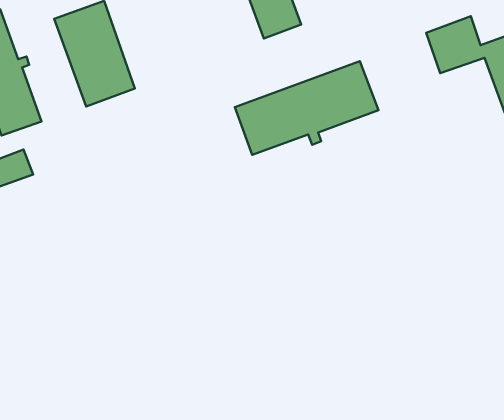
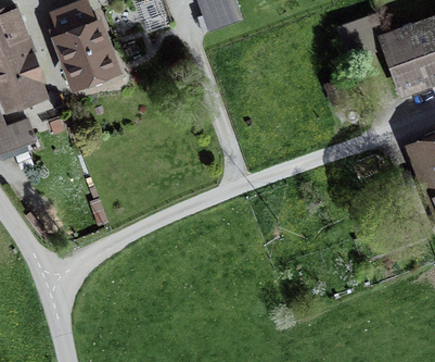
building: [235,61,379,155] -> none

